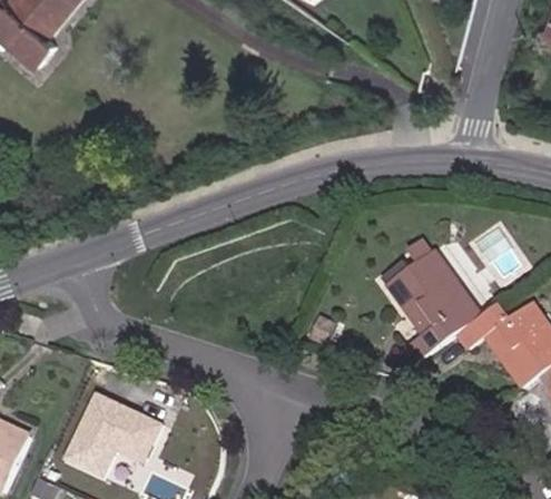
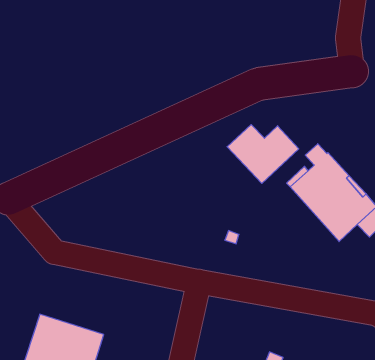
building: none -> [227,125,299,183]

